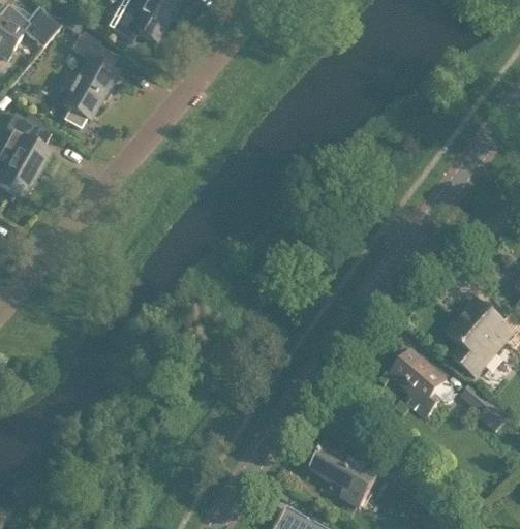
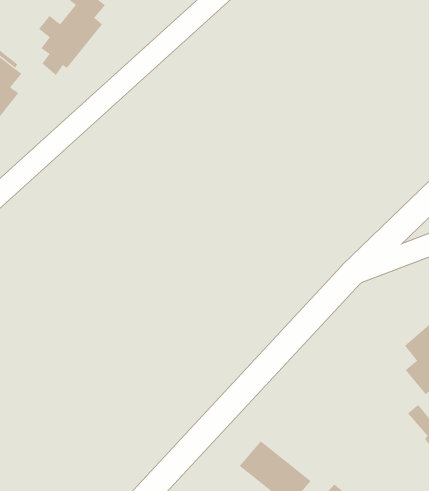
building: [388,348,450,419] -> none

